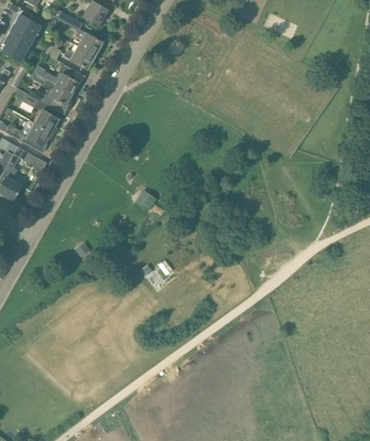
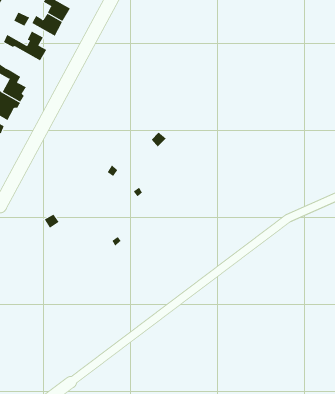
building: [40,79,72,109] -> none

